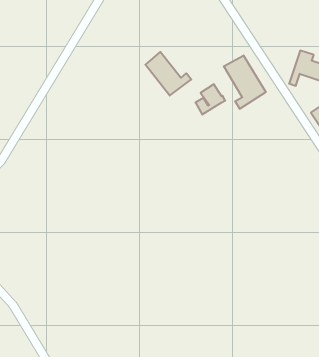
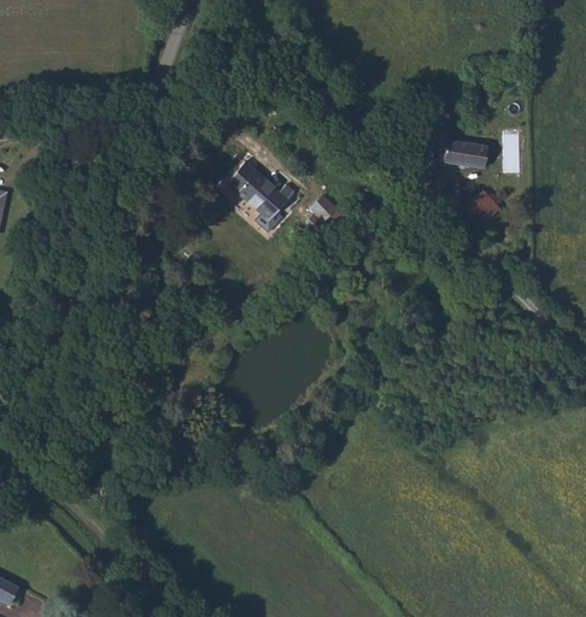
building: [224,55,266,109] -> none

